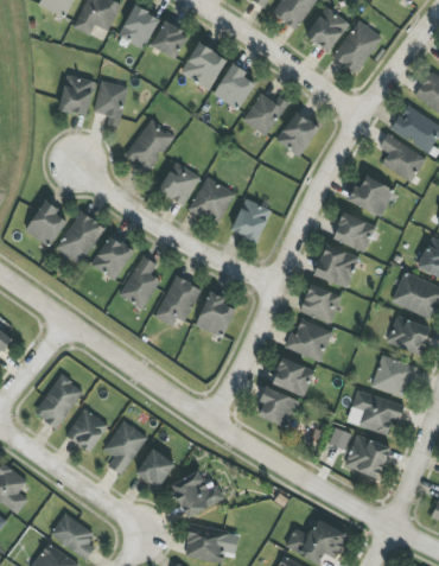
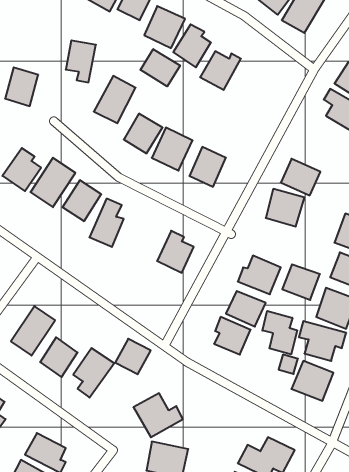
building: [57,74,94,116] -> [5,67,38,106]
building: none -> [140,49,180,86]
building: [275,110,319,157] -> none
building: [348,174,393,216] -> none
building: [155,275,199,324] -> none
building: [299,284,341,323] -> [282,264,320,300]
building: none -> [262,311,297,354]
building: [135,449,174,488] -> [115,339,151,374]

